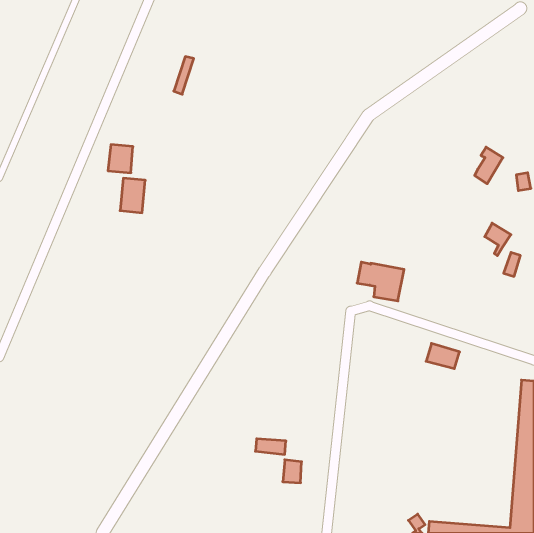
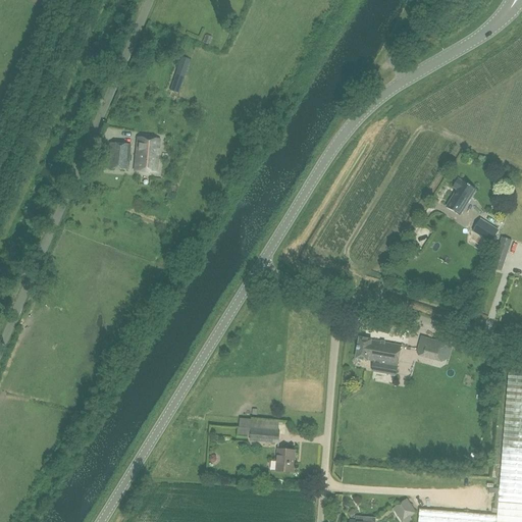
building: [475,147,503,184] -> [447,177,474,213]
building: [120,178,145,213] -> [134,137,158,170]
building: [357,262,404,301] -> [355,336,401,374]

